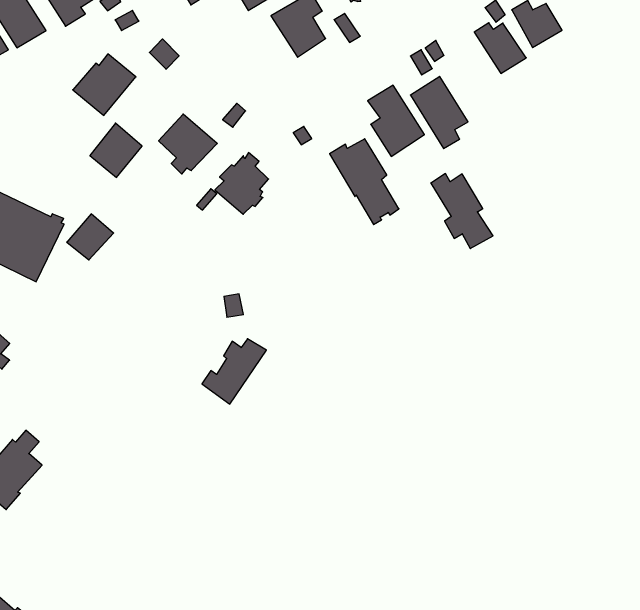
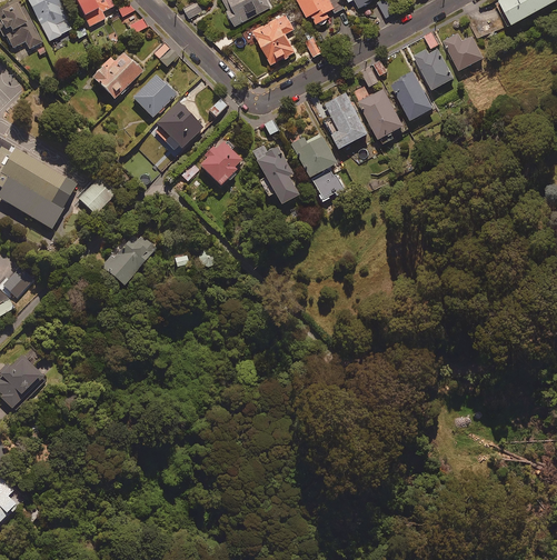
building: none -> [391,70,434,120]
building: [90,123,142,177] -> [132,74,175,118]
building: [431,174,493,249] -> [251,144,298,206]
building: [202,339,266,404] -> [102,237,156,288]

